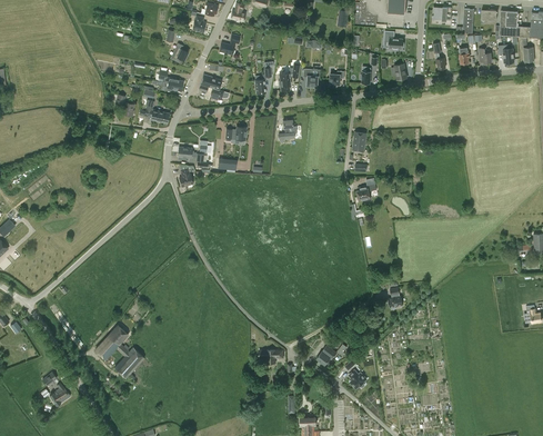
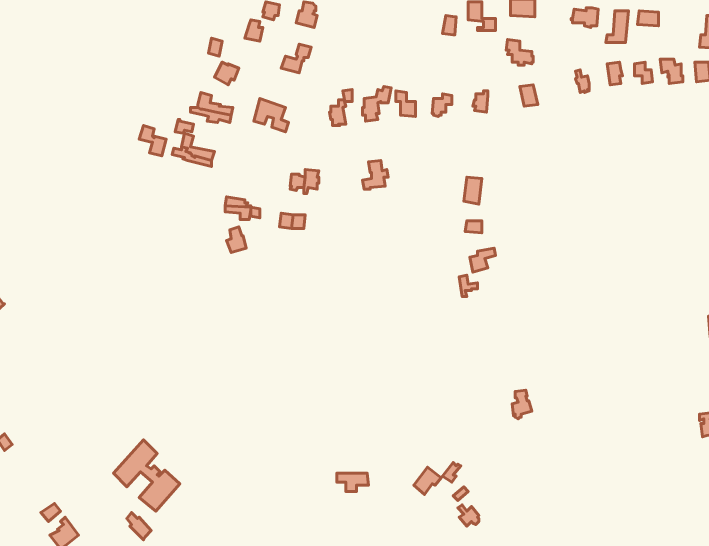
building: [500,10,527,36] -> none

